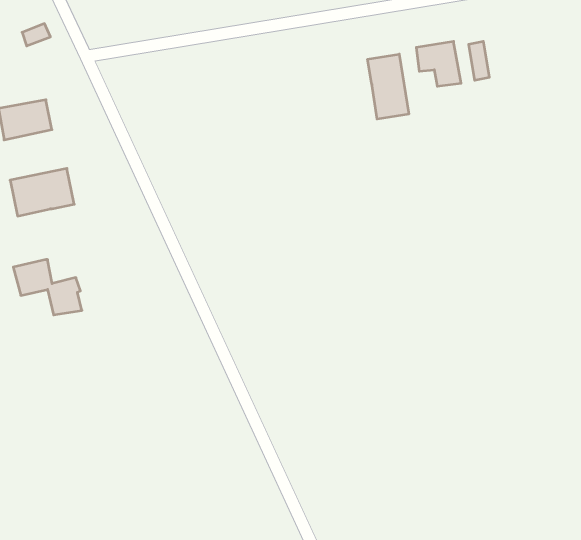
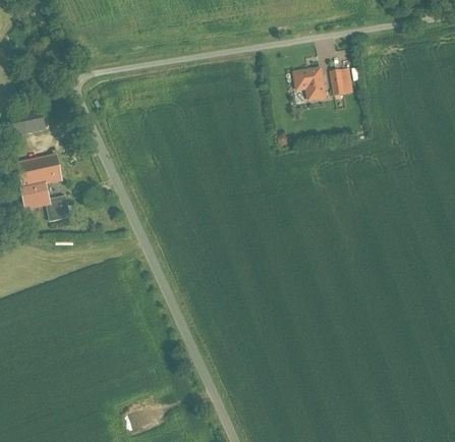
building: [368,54,409,119] -> none
building: [13,260,82,315] -> [23,182,70,220]

